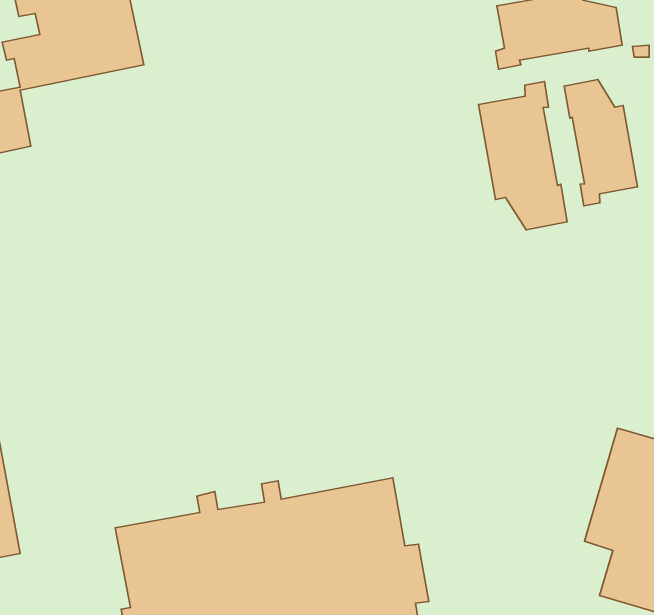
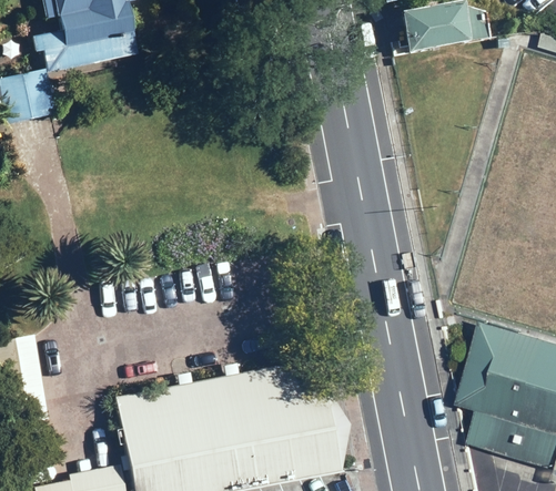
building: [564,80,638,206] -> none
building: [479,82,567,230] -> none

